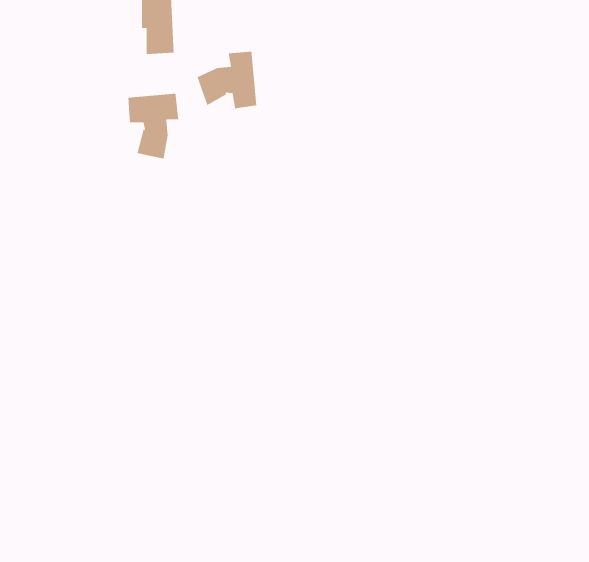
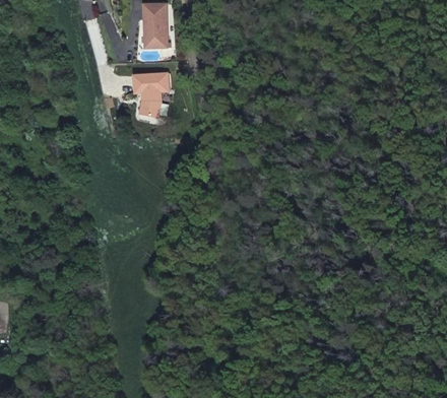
building: [197,51,257,109] -> none

